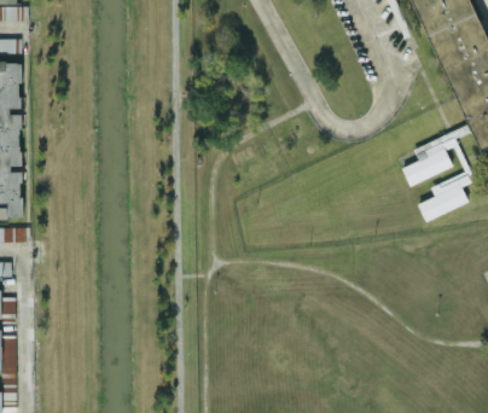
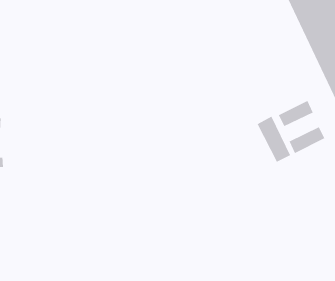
building: none -> [256,116,291,163]

